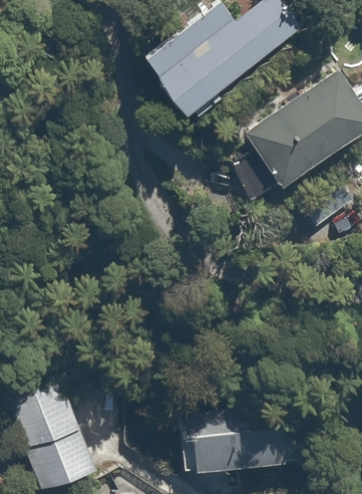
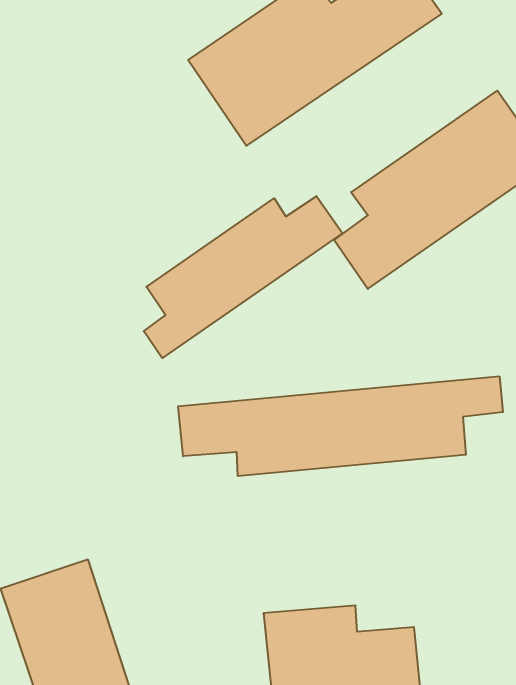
building: none -> [144,196,342,358]
building: none -> [178,376,503,476]

